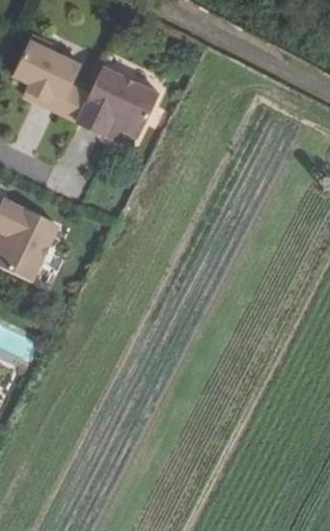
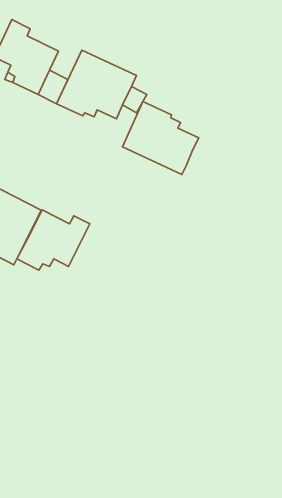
building: none -> [122,102,199,175]
building: none -> [17,210,90,270]

